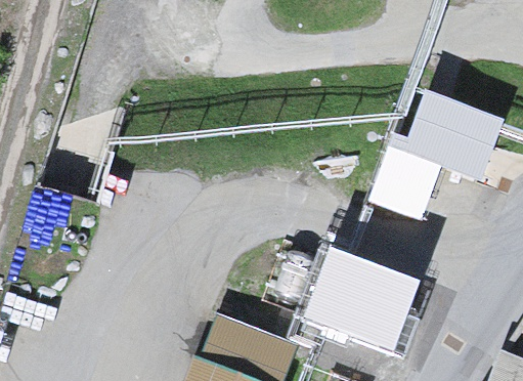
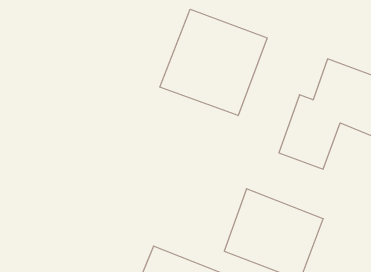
building: none -> [160,9,267,116]

